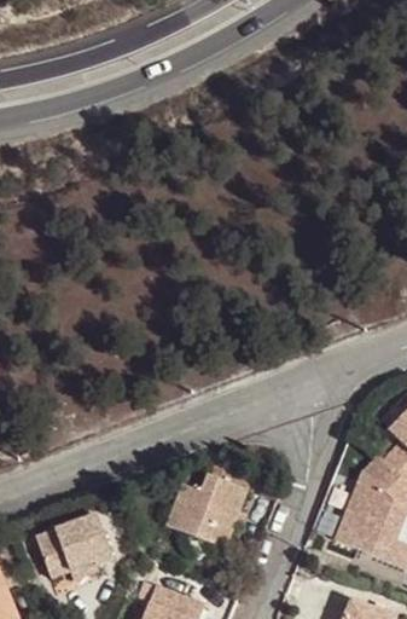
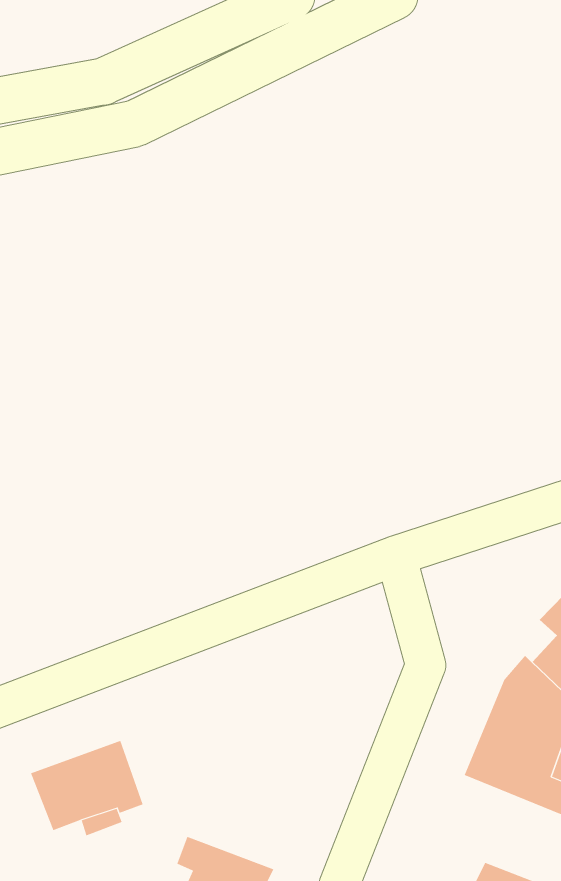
building: [168,474,248,548] -> none

